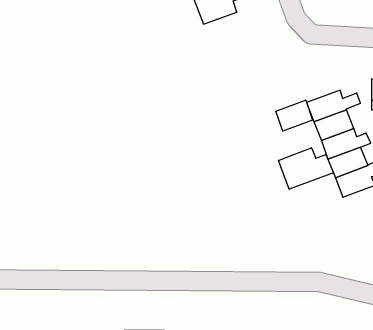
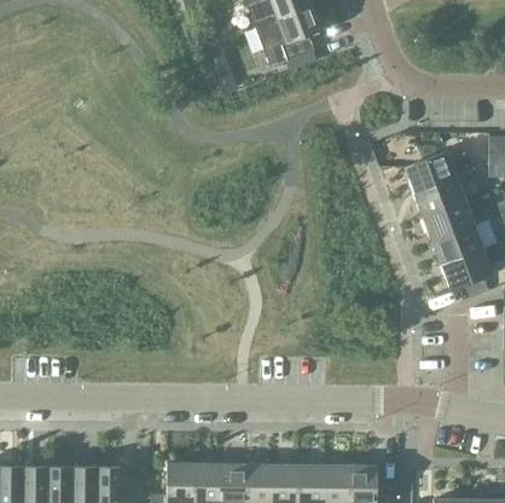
building: [276,100,312,131] -> none
building: [279,148,333,189] -> none

